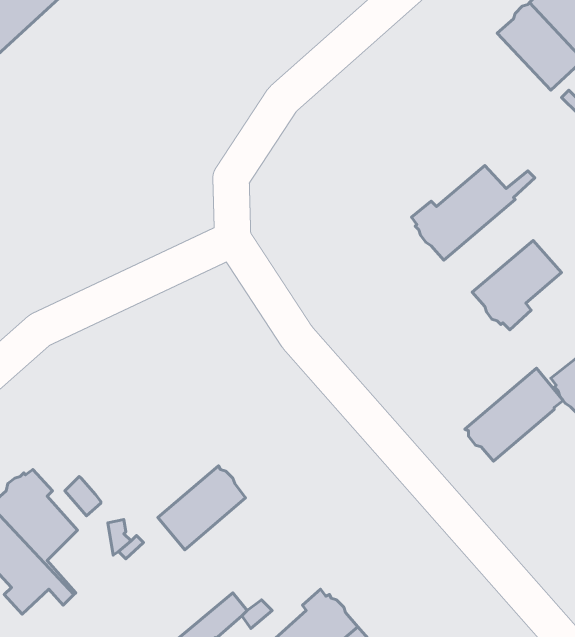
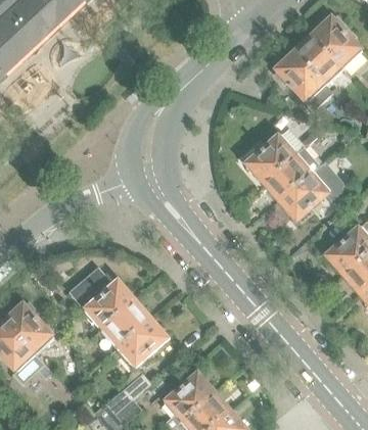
building: none -> [274,53,325,103]
building: [465,368,563,461] -> [264,148,320,201]
building: none -> [78,277,135,330]
building: none -> [104,319,170,369]

